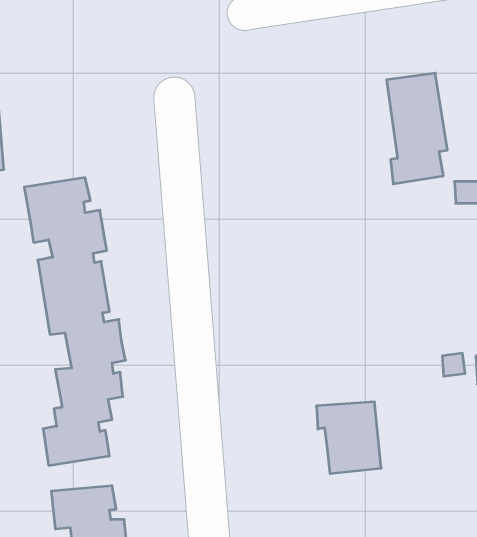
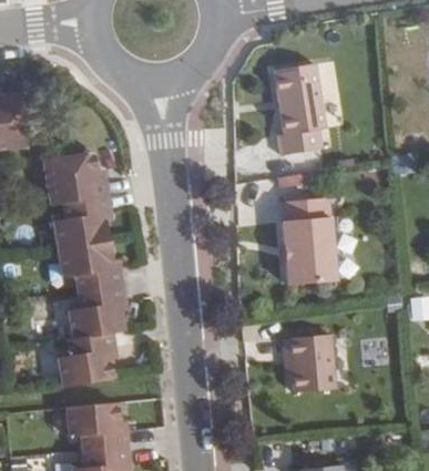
building: [387,73,447,184] -> [275,64,325,155]
building: none -> [279,197,335,285]

